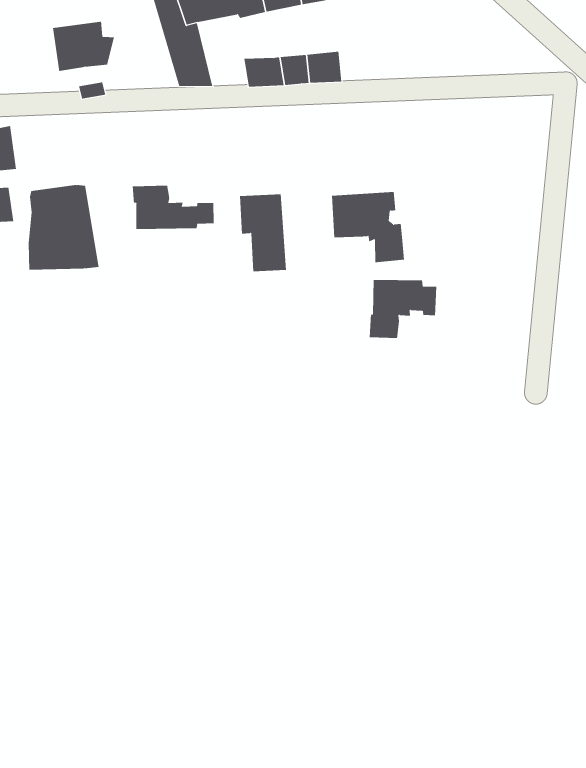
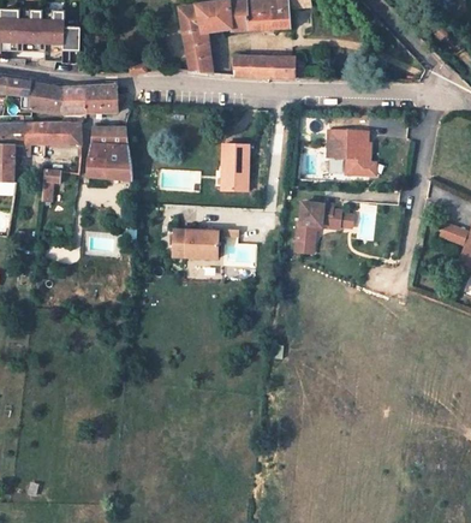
building: [52,21,115,72] -> [84,84,123,113]
building: [132,185,214,230] -> none
building: [331,191,405,263] -> [328,127,371,172]
building: none -> [173,230,219,256]

